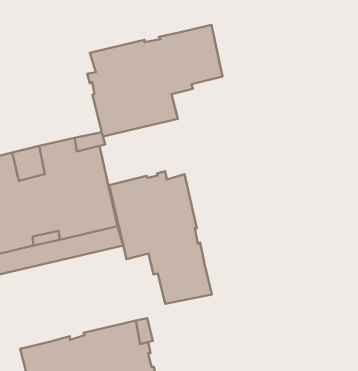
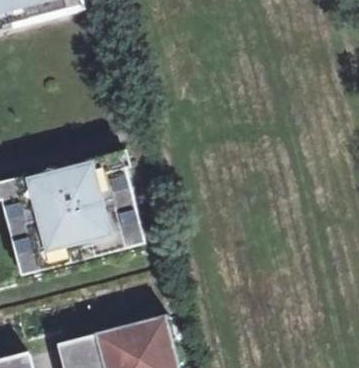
building: [87,25,222,136] -> none
building: [109,171,212,304] -> none

